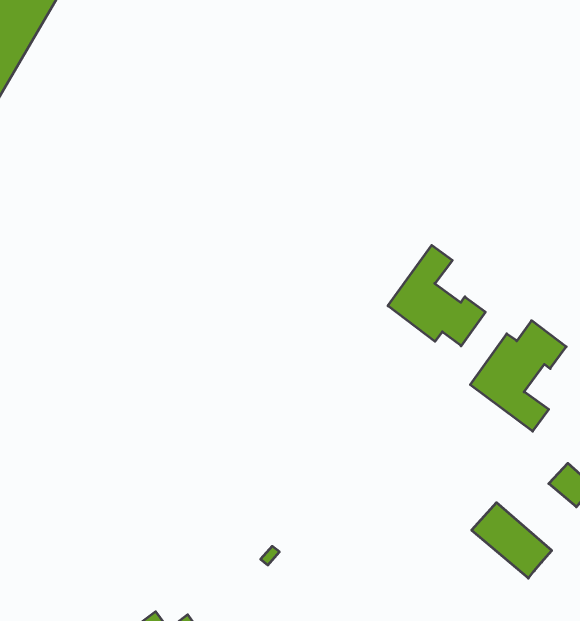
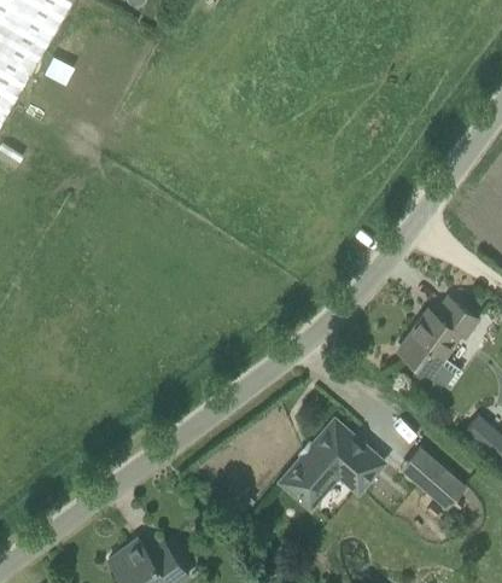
building: [388,245,485,346] -> none
building: none -> [282,421,380,503]

